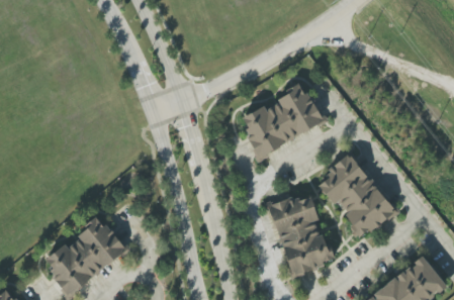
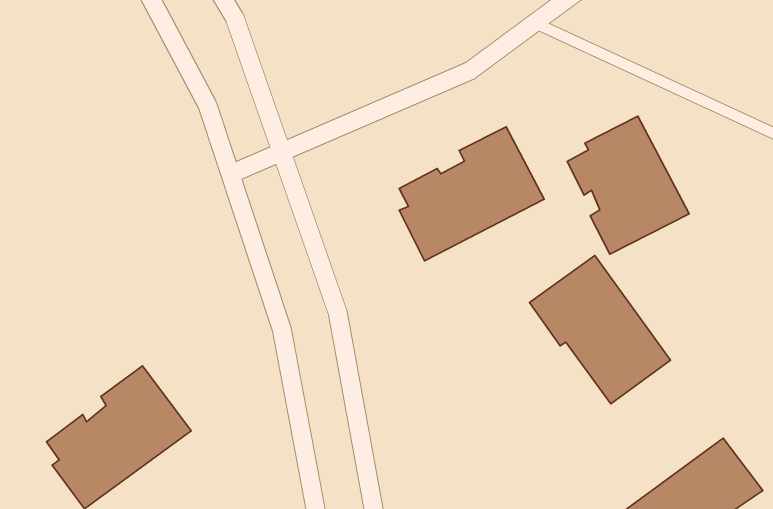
building: none -> [567,116,689,254]
building: [269,193,334,277] -> none

